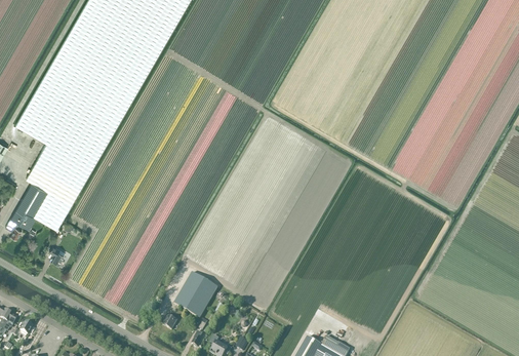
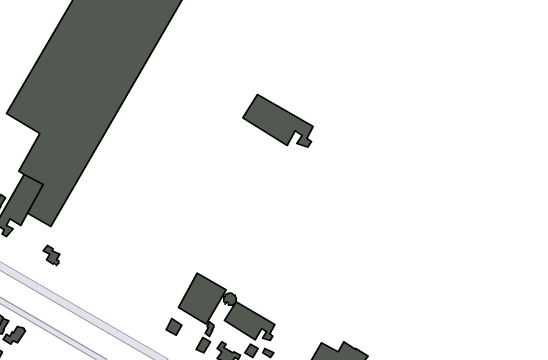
building: none -> [243,94,313,147]
building: none -> [225,302,275,340]

